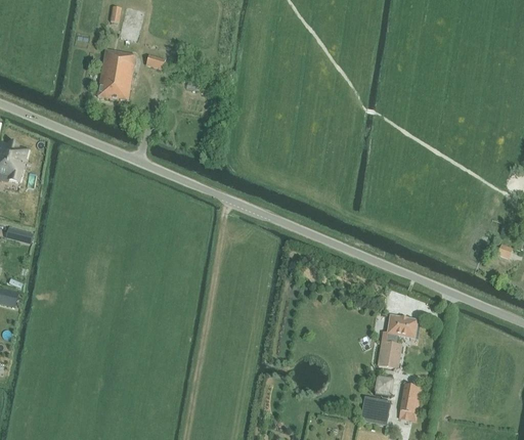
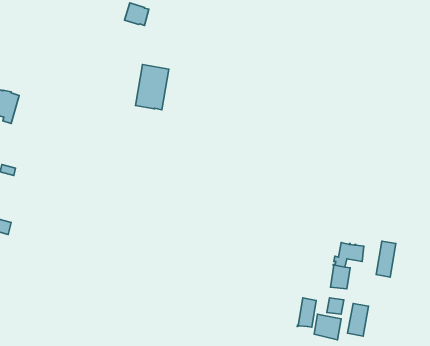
building: [97,49,135,100] -> [135,64,169,110]
building: none -> [376,241,396,277]
building: none -> [297,298,316,327]

